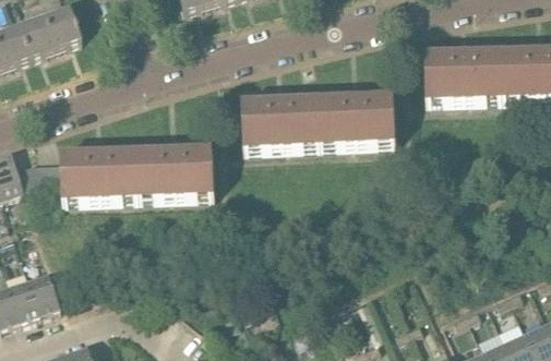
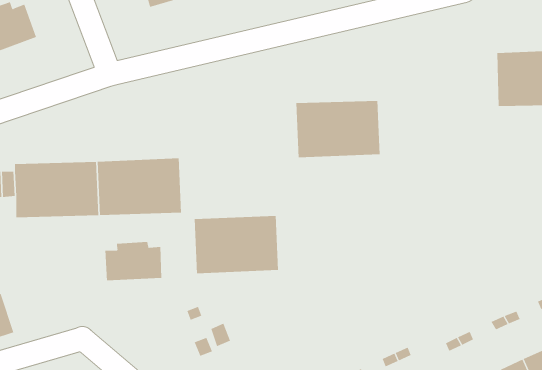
building: [426,52,502,103] -> none
building: [242,98,320,152] -> [194,215,279,274]
building: none -> [105,241,162,281]

